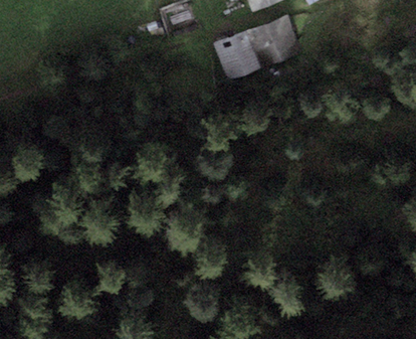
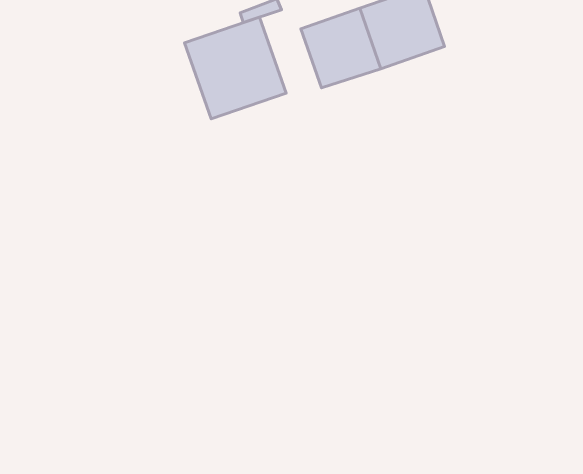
building: none -> [184,17,286,119]

